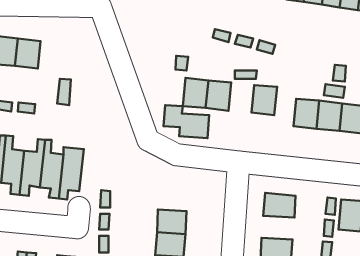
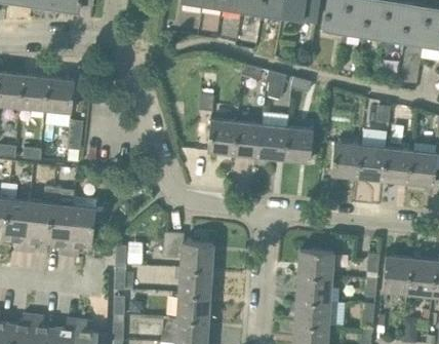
building: none -> [45,79,74,113]
building: none -> [258,125,287,159]
building: [163,105,209,138] -> [162,233,213,270]
building: none -> [295,275,332,302]

